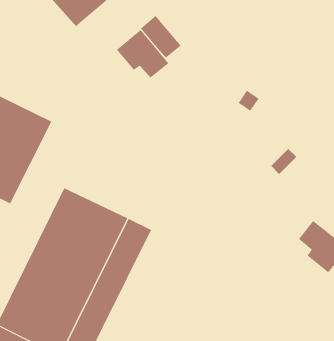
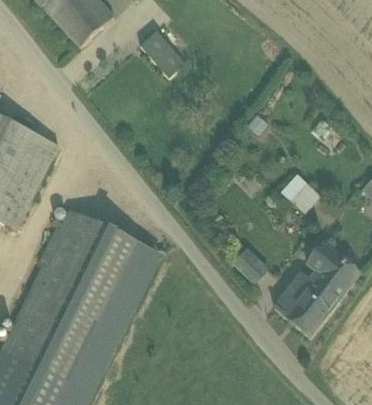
building: [116,29,169,79] -> none
building: none -> [288,180,321,212]
building: none -> [233,248,267,281]
building: none -> [273,272,338,335]

